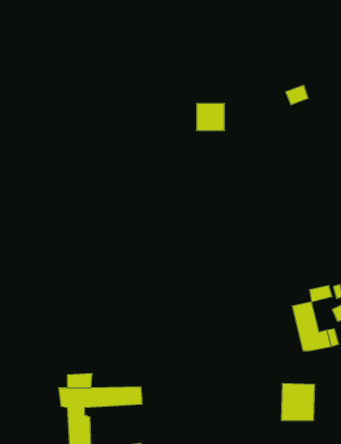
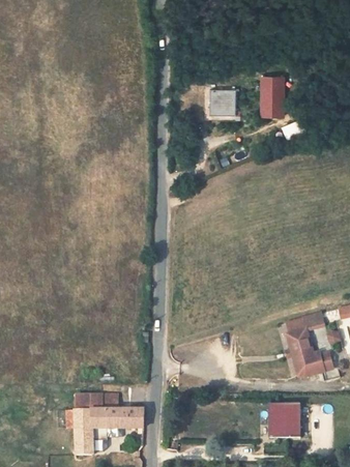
building: none -> [258,75,283,113]
building: [196,103,225,131] -> [207,90,234,116]

